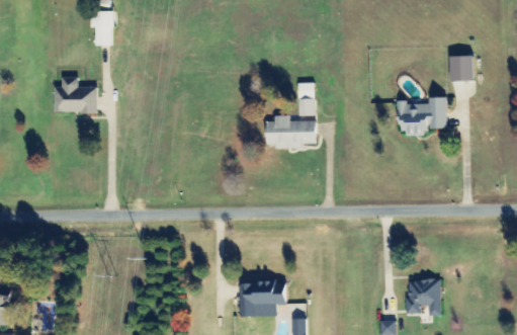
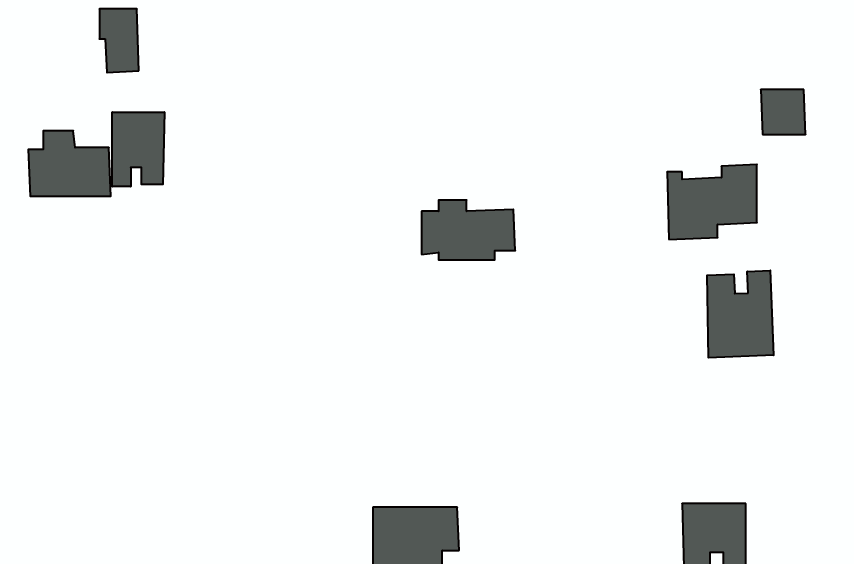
building: none -> [112,112,164,187]
building: [290,83,315,120] -> none
building: none -> [707,270,774,358]

